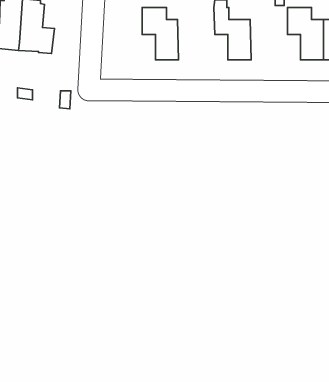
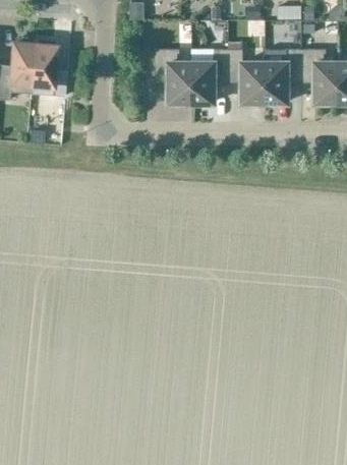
building: none -> [191,50,229,103]
building: none -> [265,50,302,103]

